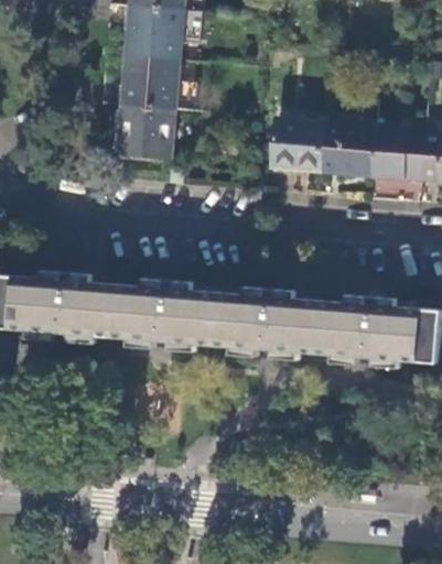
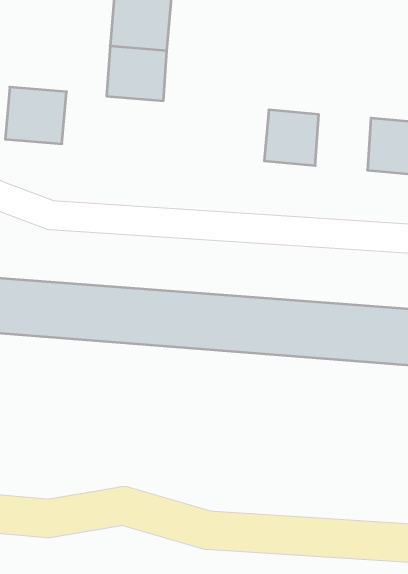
building: [117,106,175,160] -> [5,87,67,144]
building: [320,123,373,176] -> none

